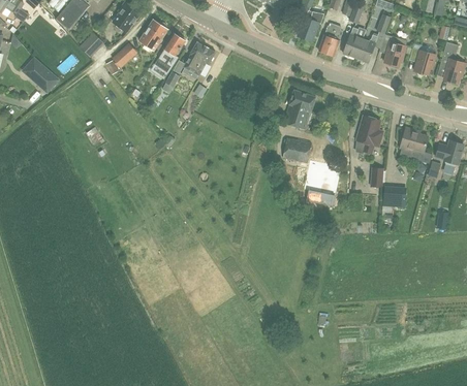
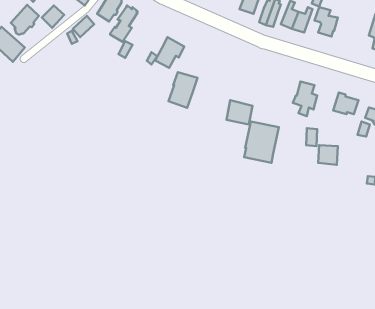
building: none -> [11,5,39,35]
building: [183,41,215,75] -> [155,37,184,68]
building: [409,42,435,74] -> none
building: [283,90,315,129] -> [168,72,198,108]

